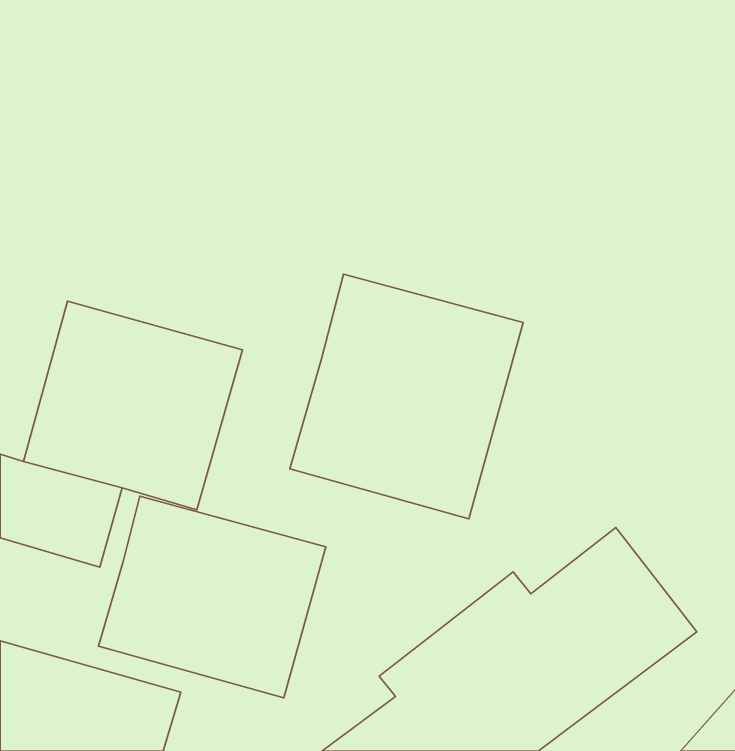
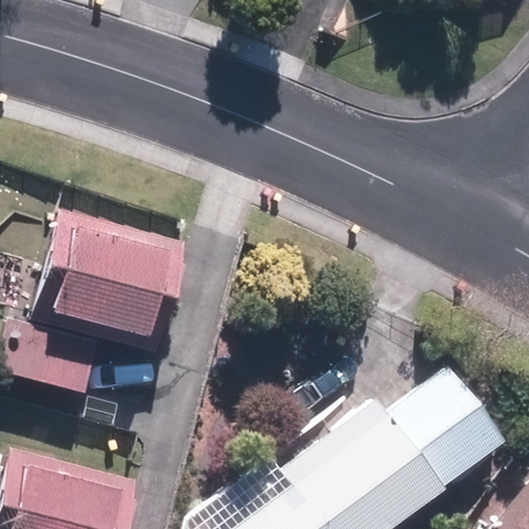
building: [290,274,523,519] -> none
building: [99,496,326,698] -> none

